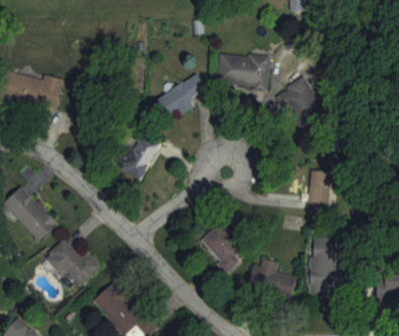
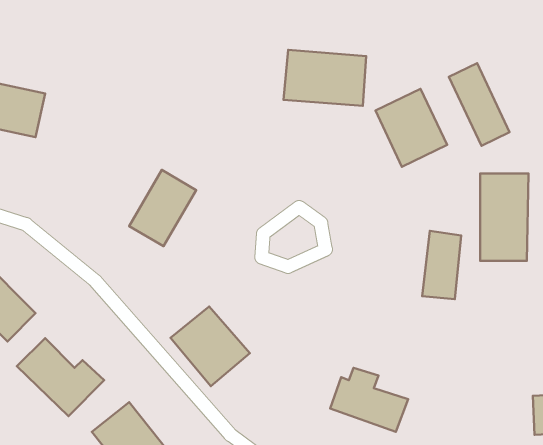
building: none -> [449,63,510,146]
building: [155,74,207,118] -> none
building: [199,220,250,271] -> [170,307,250,386]
building: [310,238,341,294] -> [480,173,528,261]

